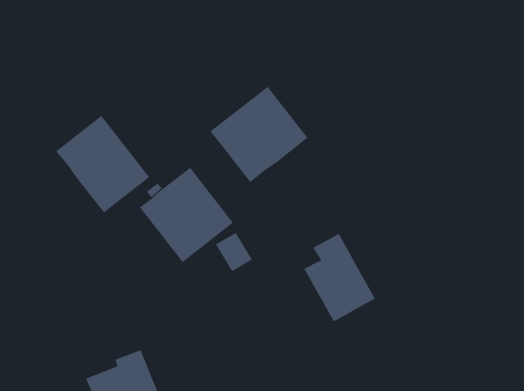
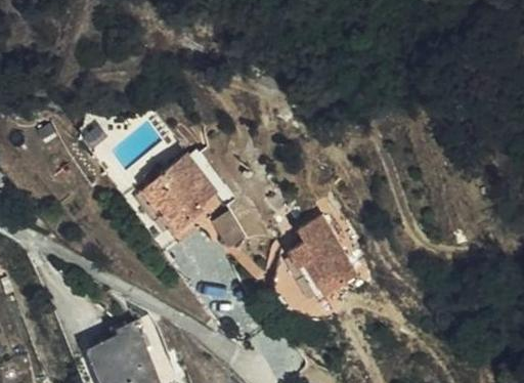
building: [210,86,308,183] -> none
building: [55,115,150,213] -> none

